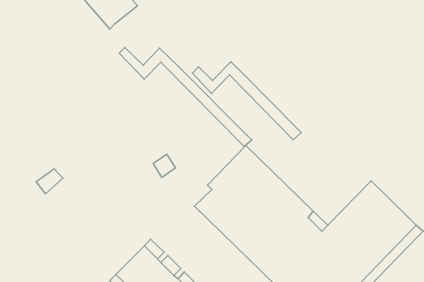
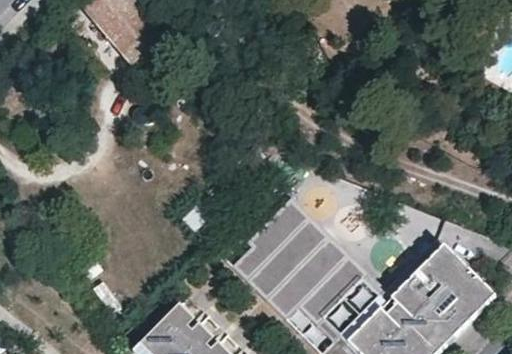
building: [119,47,252,147] -> none
building: [193,62,301,140] -> none

